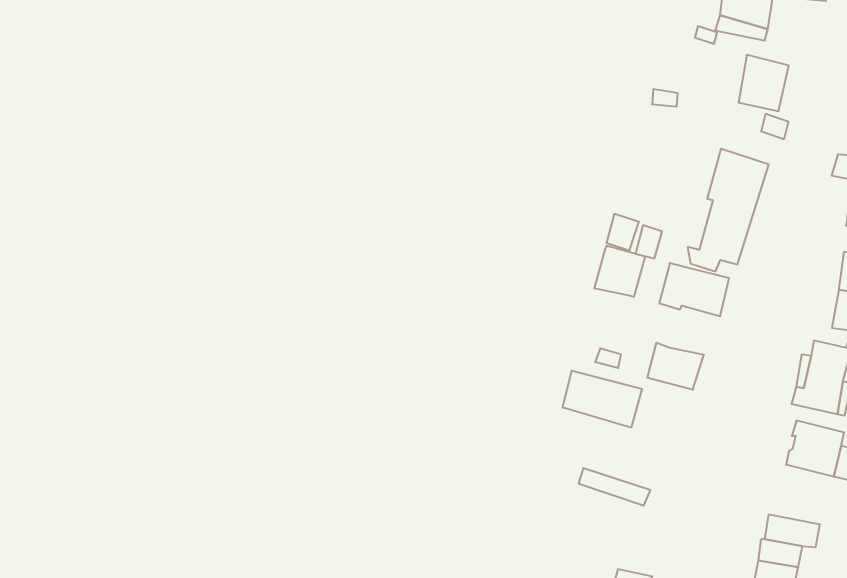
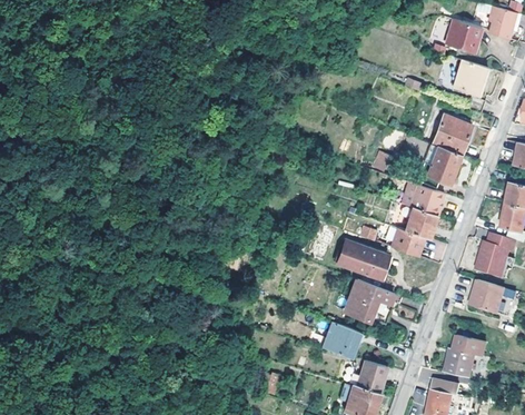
building: [594,246,645,297] -> [405,207,436,238]
building: none -> [349,279,394,315]
building: none -> [323,323,359,358]

